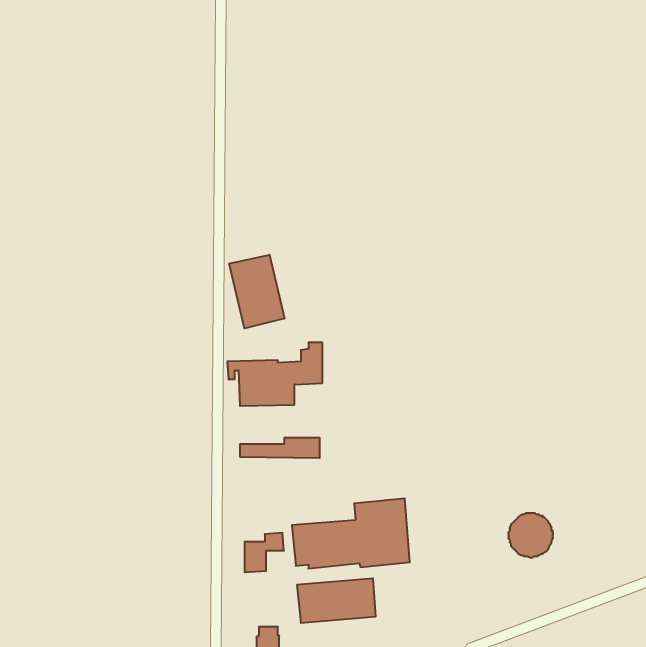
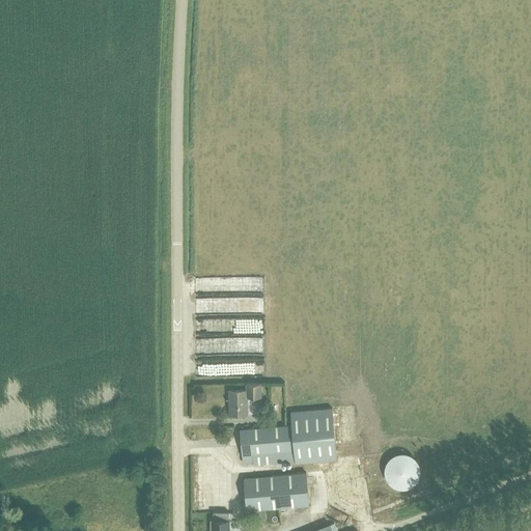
building: [229,255,284,328] -> none
building: [508,513,553,558] -> [383,454,419,491]
building: [245,533,284,572] -> [228,384,260,416]

